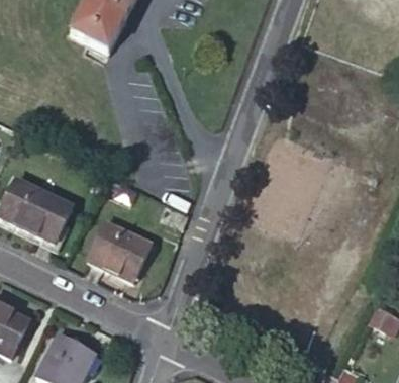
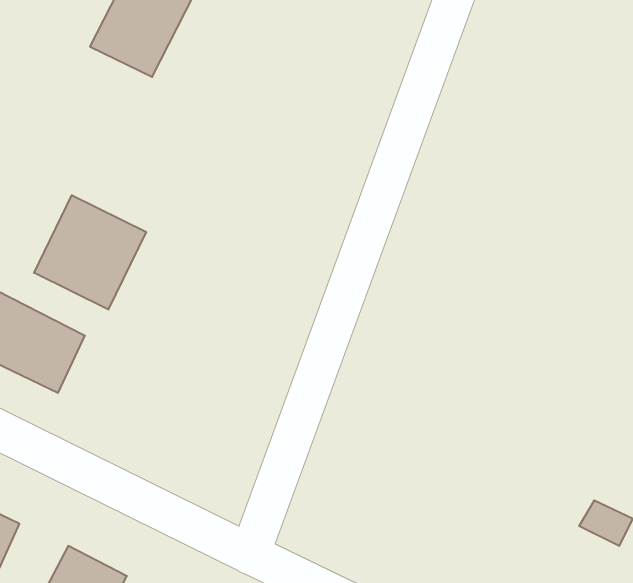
building: none -> [34,195,146,310]
building: [87,224,146,279] -> none

